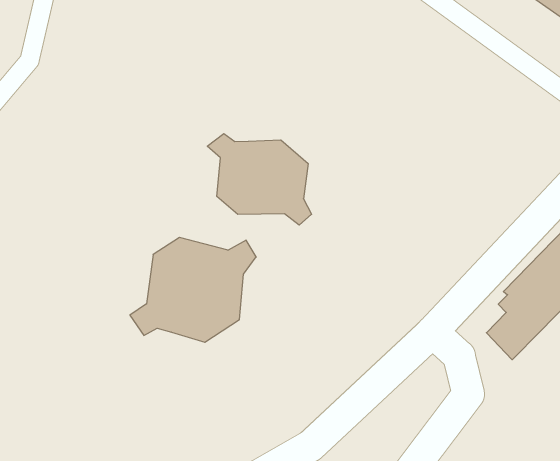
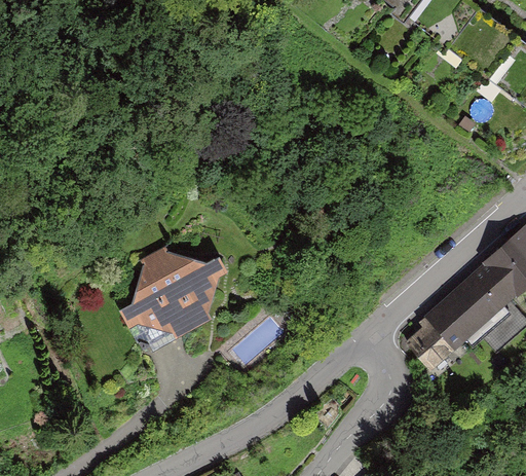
building: [207,134,312,225] -> none

